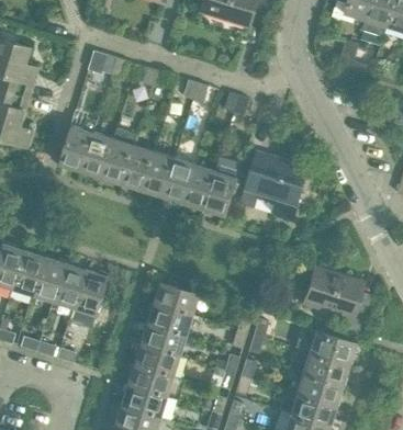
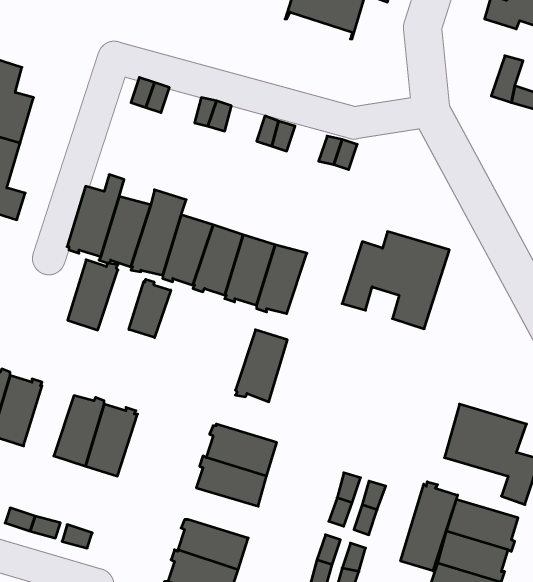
building: [203,170,237,217] -> [235,330,287,402]
building: none -> [129,279,171,338]
building: [31,257,64,303] -> [68,260,118,330]
building: none -> [401,482,458,571]
building: [138,324,184,357] -> none

